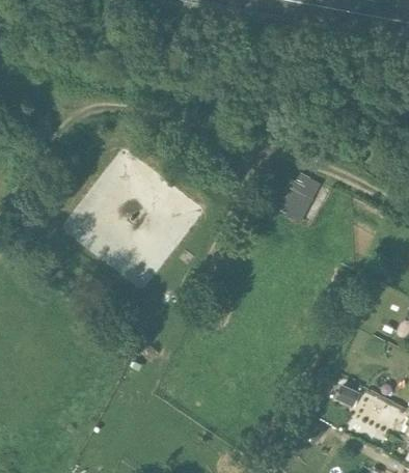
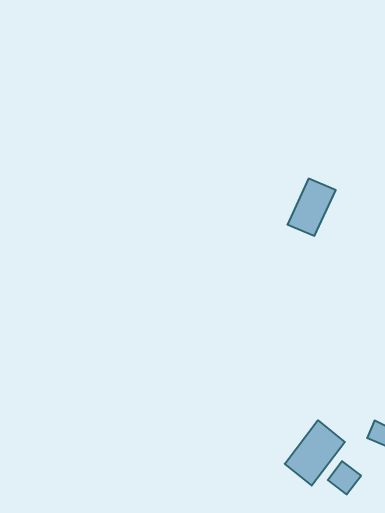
building: none -> [285,420,345,486]

